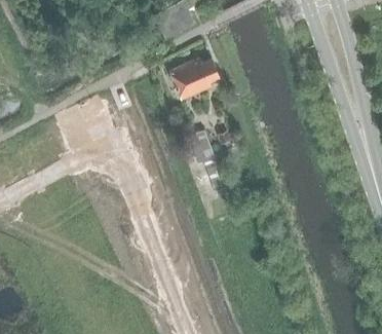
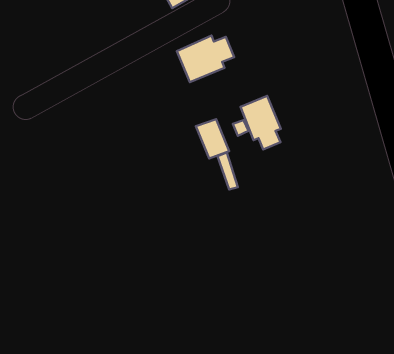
building: none -> [240,96,281,149]

